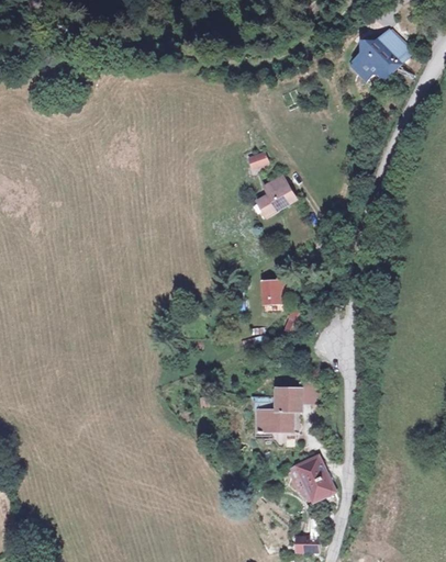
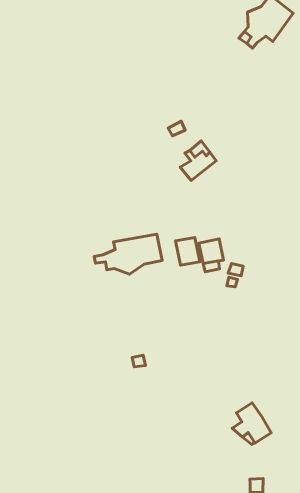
building: none -> [94,234,162,274]
building: [257,387,313,437] -> none

